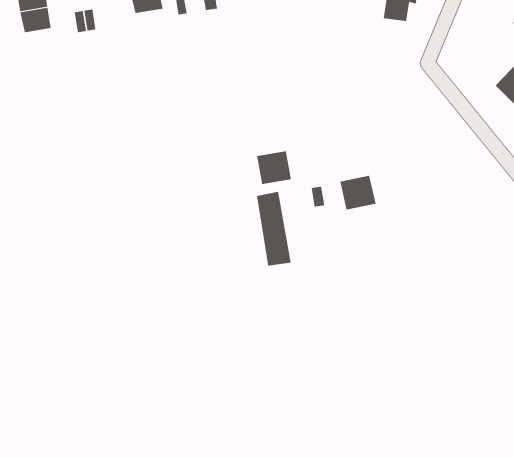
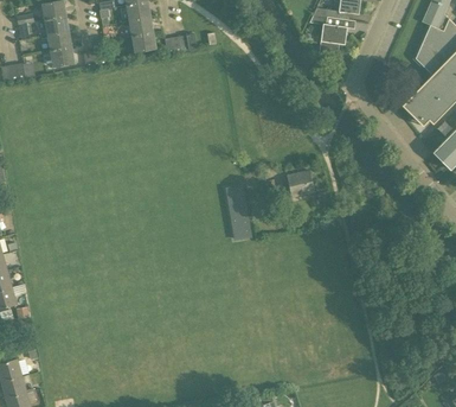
building: [256,151,292,185] -> none

